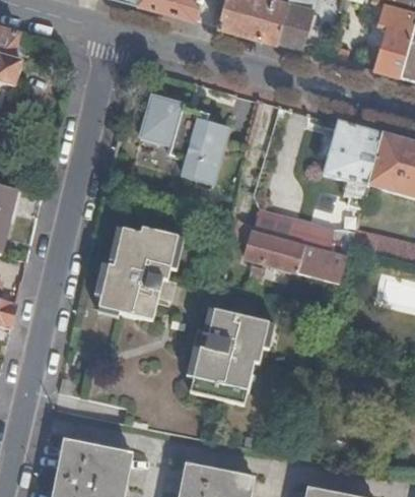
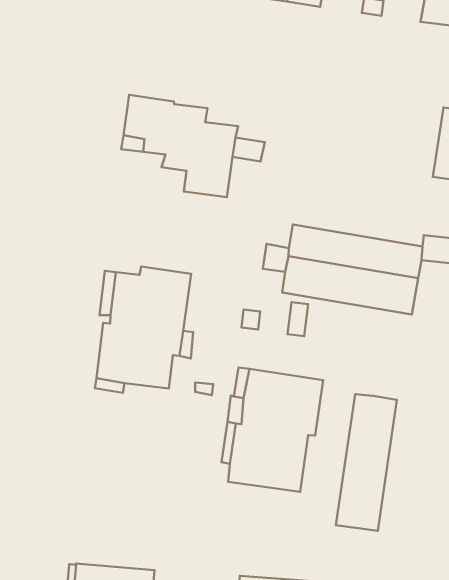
building: [323,121,383,206] -> none
building: none -> [336,394,397,531]

